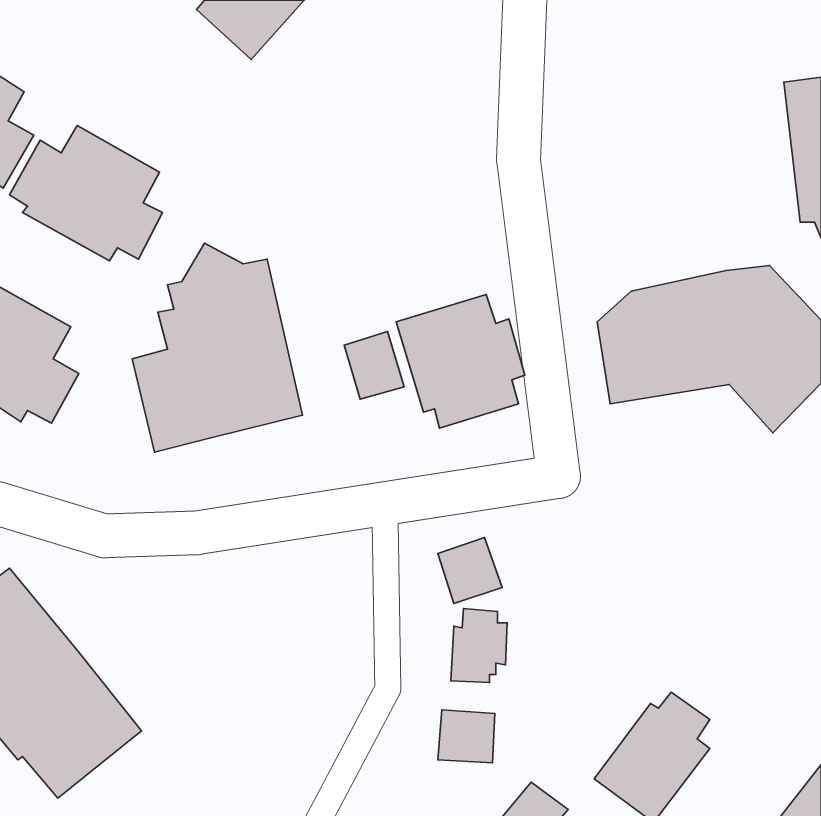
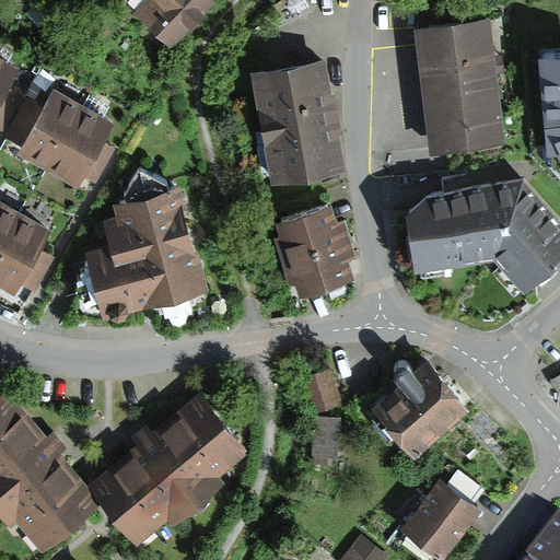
building: none -> [417,26,503,159]
building: none -> [250,63,343,187]
building: [344,332,404,399] -> none
building: none -> [372,357,469,464]
building: none -> [90,395,245,540]
building: [438,710,495,763] -> none

